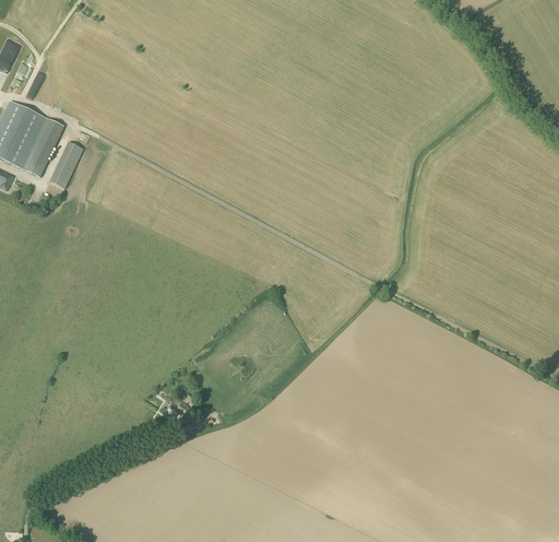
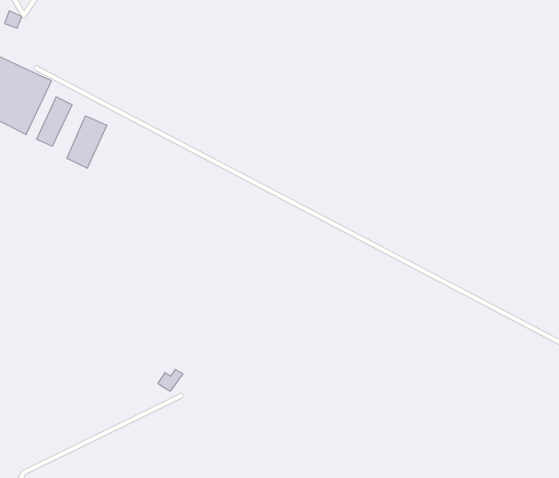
building: none -> [67,116,107,168]

